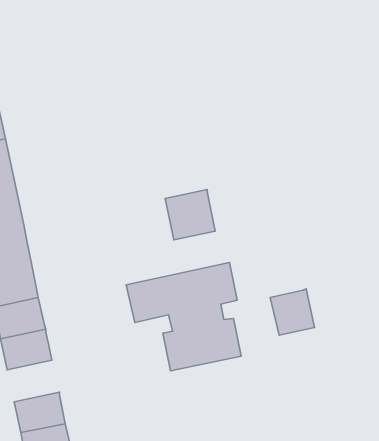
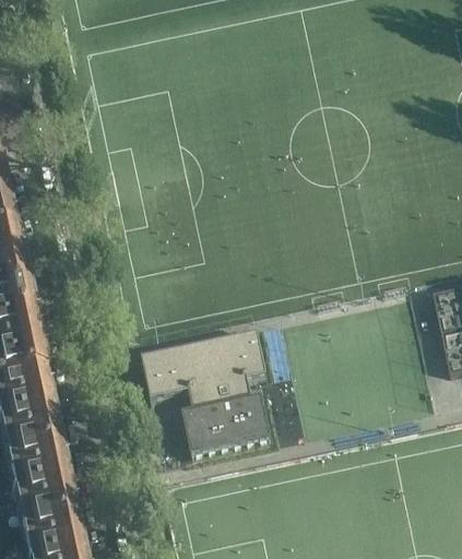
building: [165,189,215,240] -> none
building: [270,289,315,335] -> none
building: none -> [9,441,68,488]

